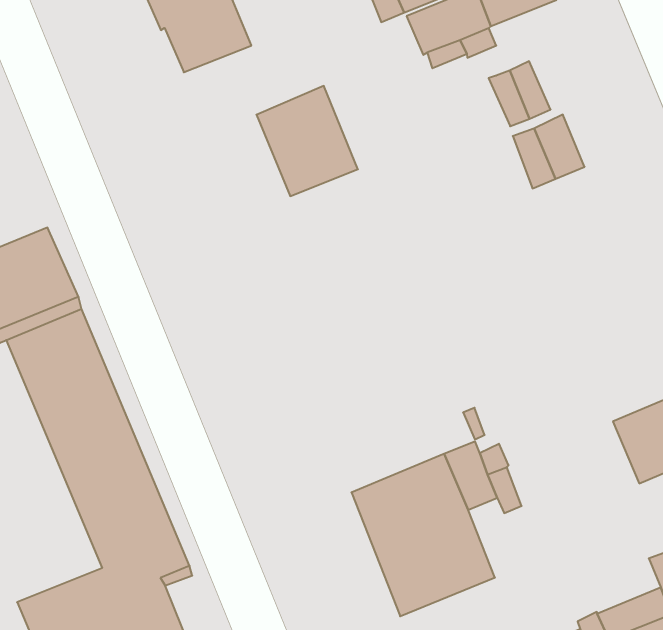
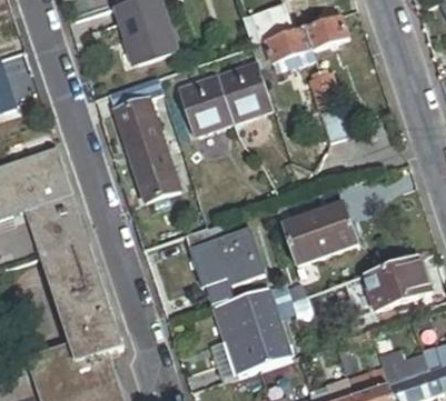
building: none -> [215,63,270,124]
building: none -> [113,98,179,202]
building: none -> [283,202,357,265]
building: none -> [187,224,265,287]

